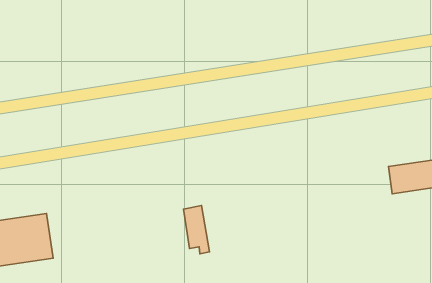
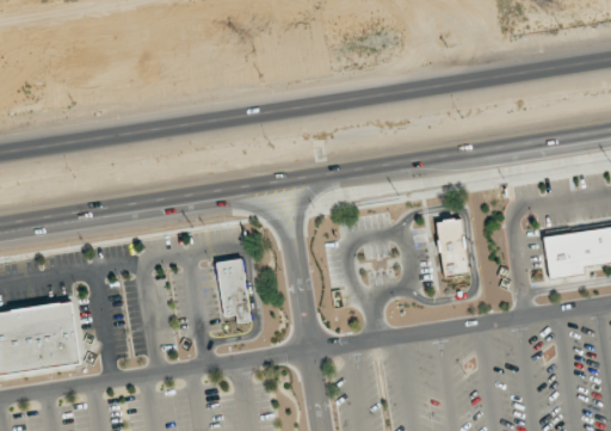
building: none -> [436,218,469,279]
building: [184,206,209,254] -> [215,258,251,325]

